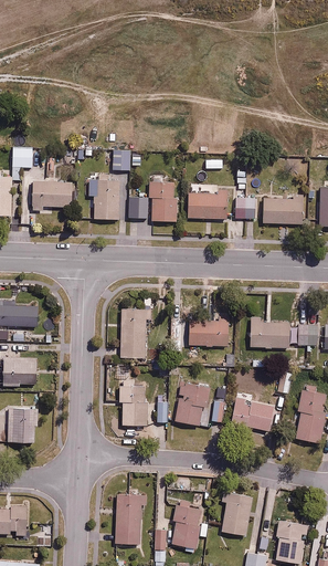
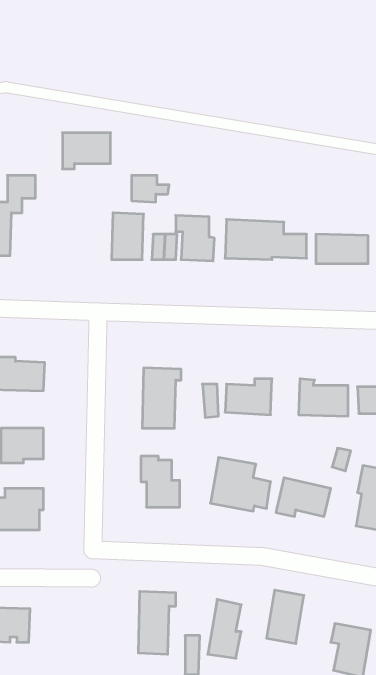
building: [32,181,72,211] -> [62,133,111,169]

